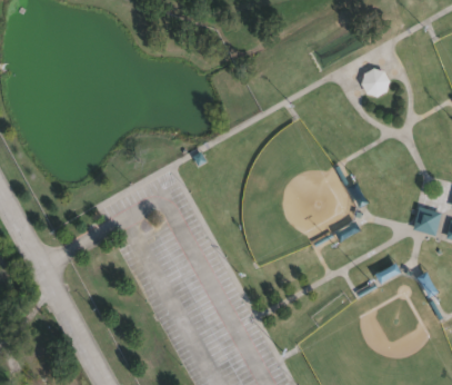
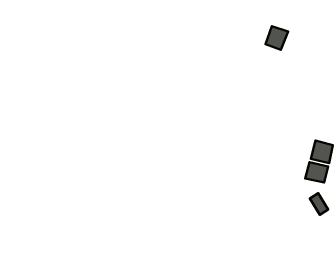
building: none -> [305,162,328,182]

